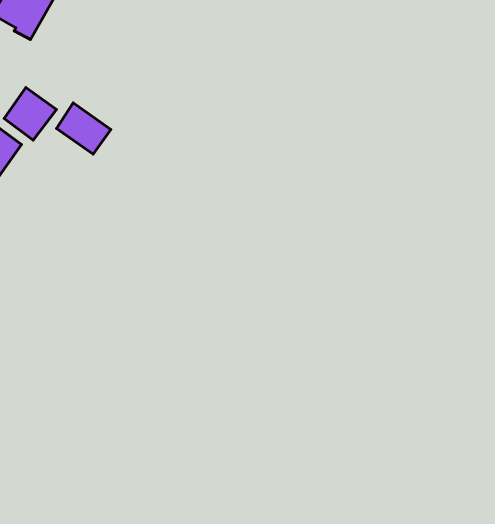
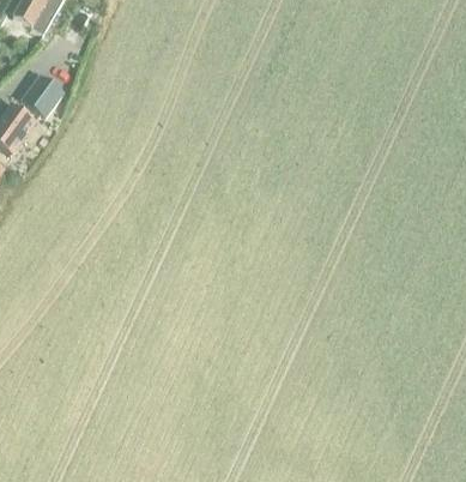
building: [56,103,111,154] -> none

